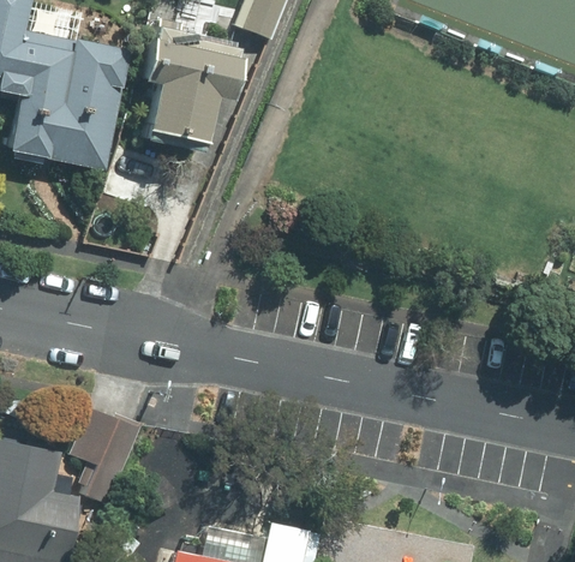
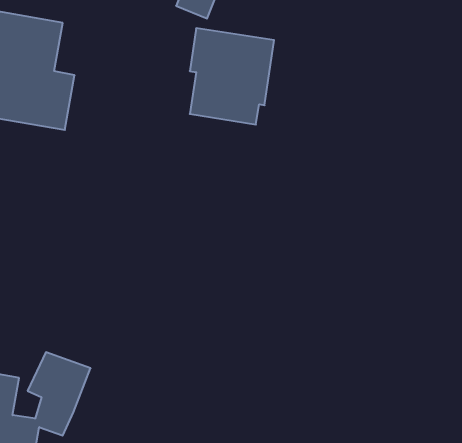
building: [151,35,246,143] -> [190,28,274,125]

